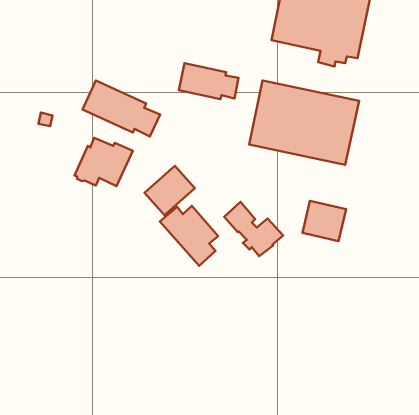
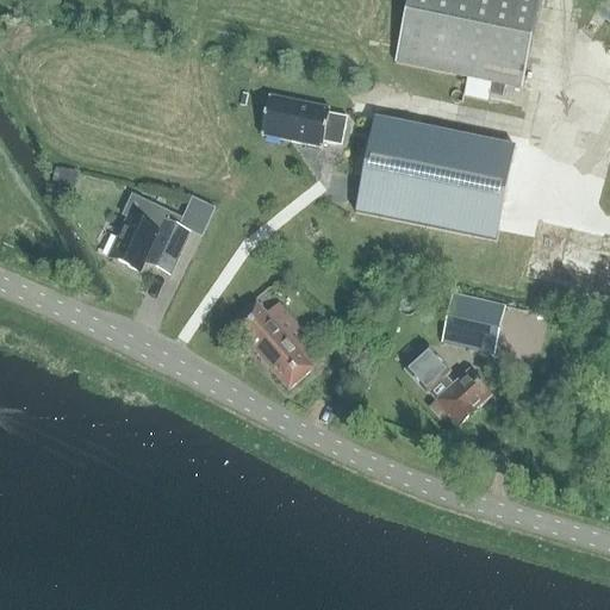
building: [82,80,160,136] -> none
building: [145,166,195,215] -> none
building: [224,202,283,256] -> [405,343,491,422]

